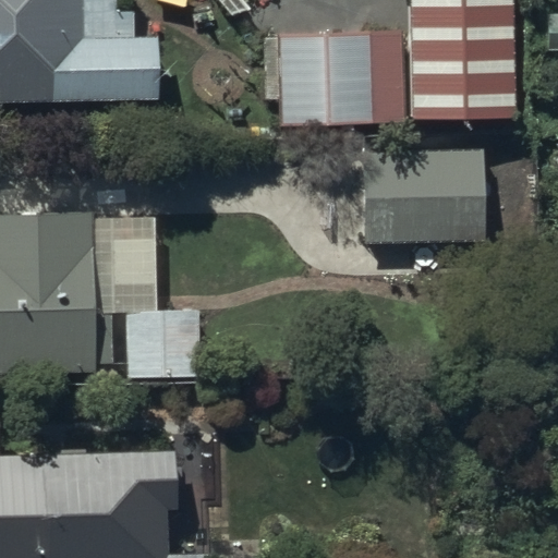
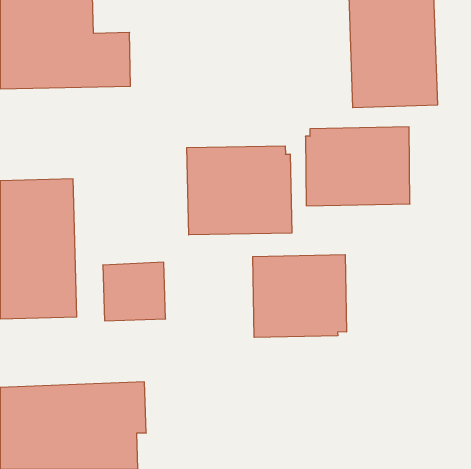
building: [264,29,400,126] -> none
building: none -> [187,146,292,235]
building: none -> [253,255,346,337]

